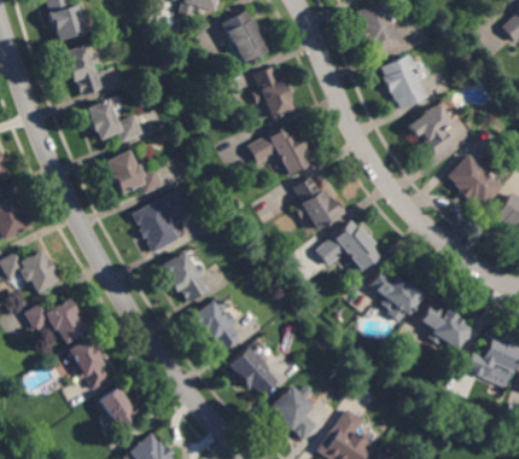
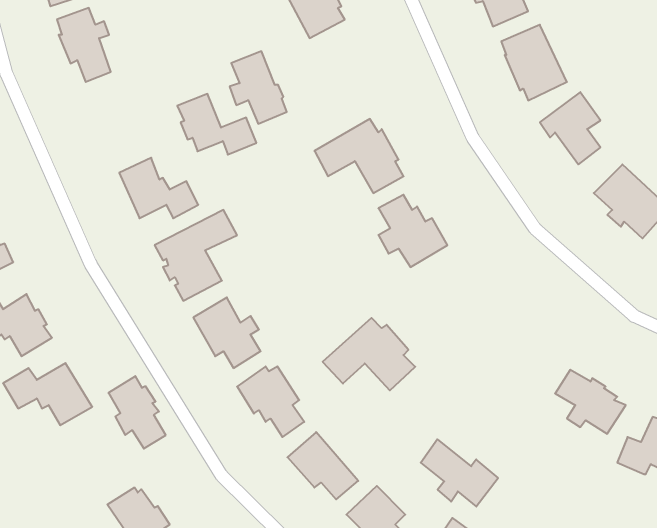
building: [251,66,292,118] -> [230,51,287,124]
building: [87,99,144,143] -> [177,94,256,155]
building: [315,220,381,272] -> [323,318,415,390]
building: [369,268,425,316] -> [421,439,498,507]
building: [68,338,109,390] -> [108,376,166,449]

